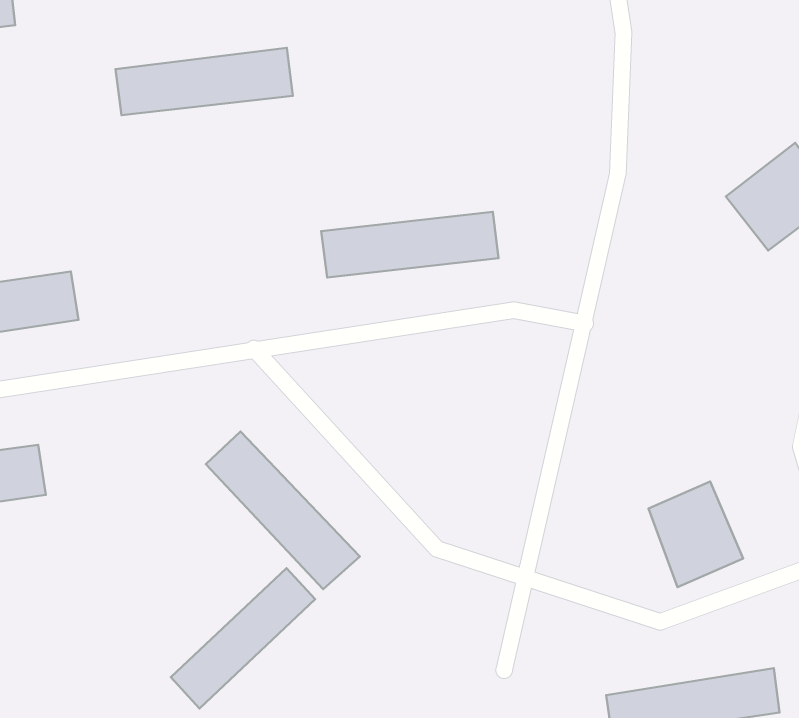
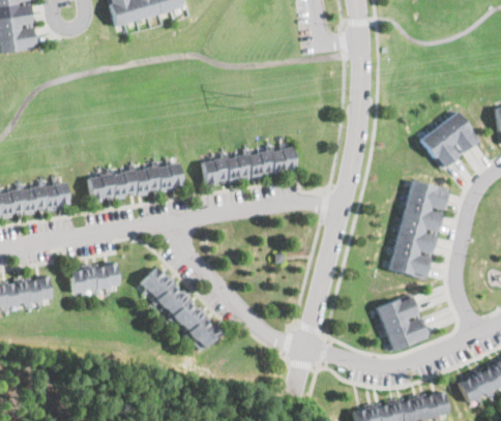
building: [116,48,293,115] -> [88,163,183,200]
building: none -> [391,180,446,278]
building: none -> [70,262,121,293]
building: [171,568,315,708] -> none

